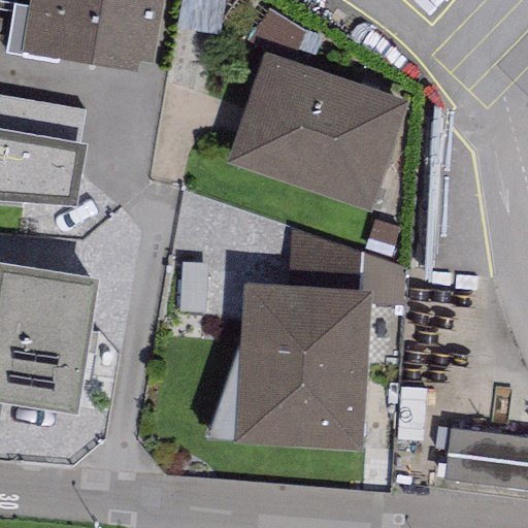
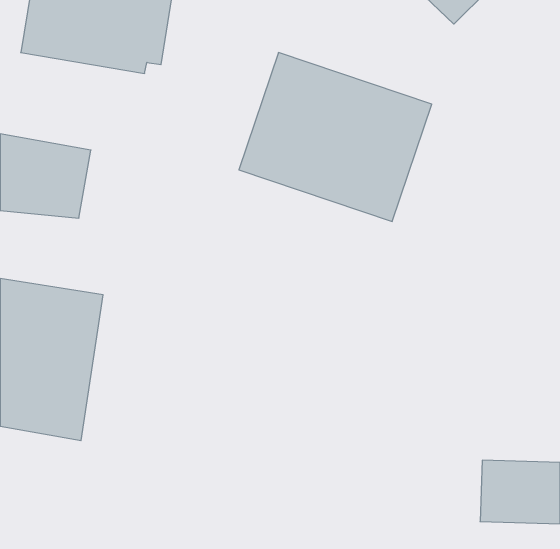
building: [233,277,371,448] -> none

